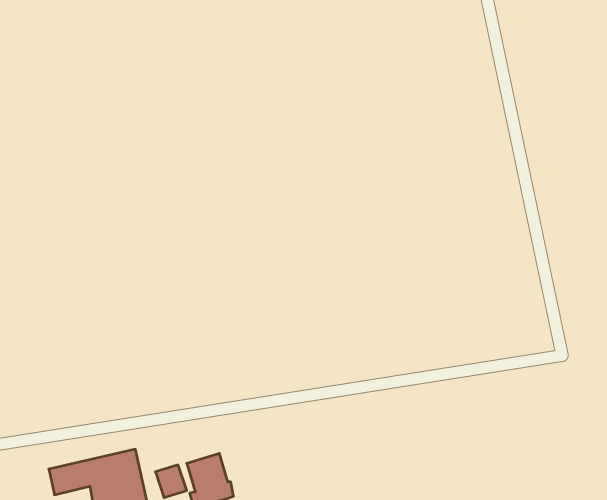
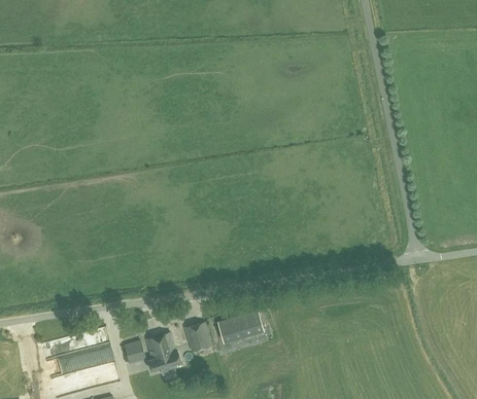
building: none -> [215,307,263,342]
building: none -> [183,323,211,353]

